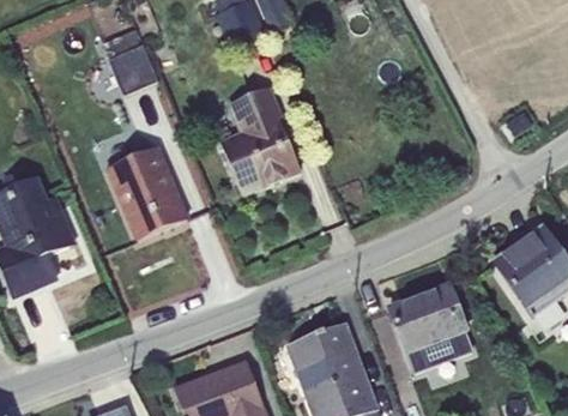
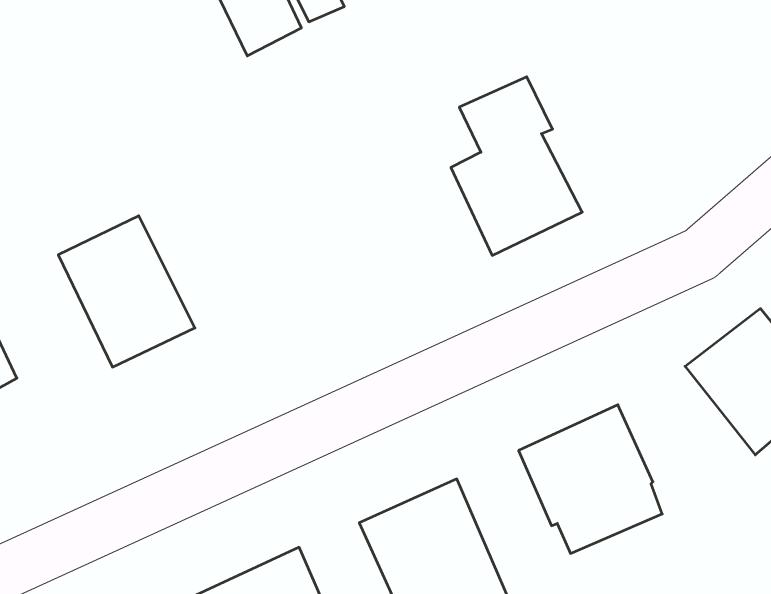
building: [102,28,157,94] -> none
building: [219,85,300,195] -> [451,77,582,255]

